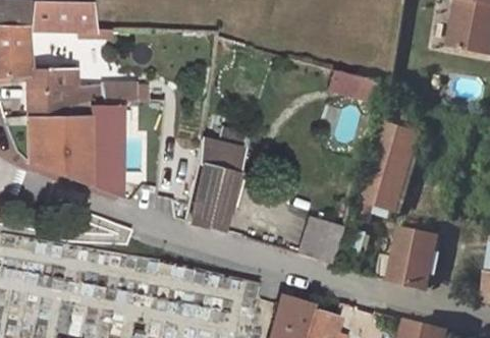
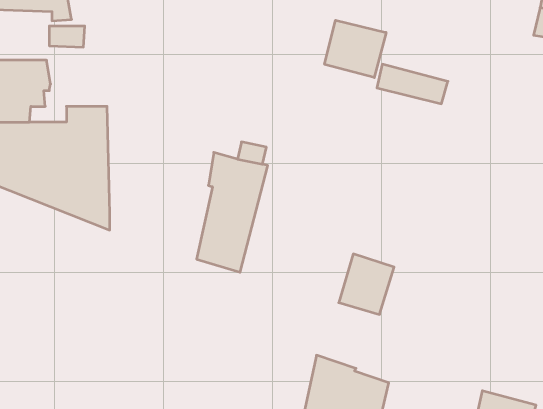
building: none -> [325,20,386,78]
building: [60,83,125,115] -> none
building: [363,122,420,210] -> none
building: [380,227,443,287] -> none

